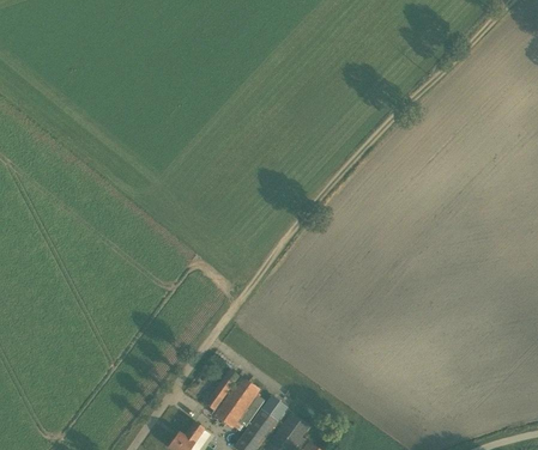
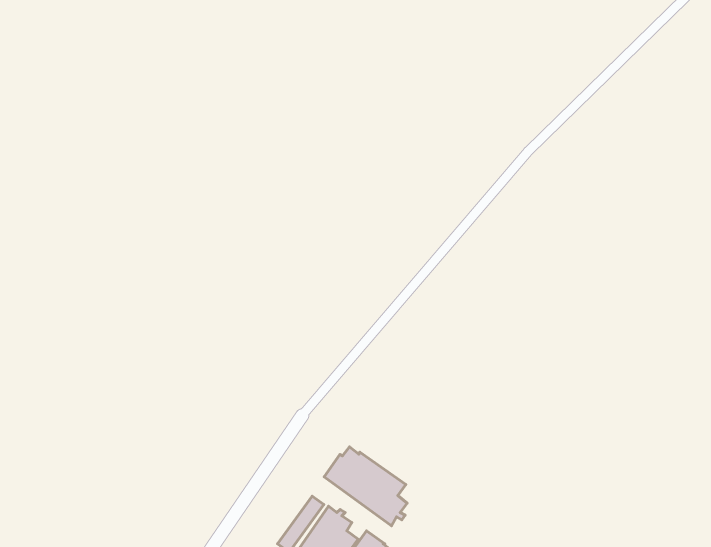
building: none -> [324,447,407,526]

